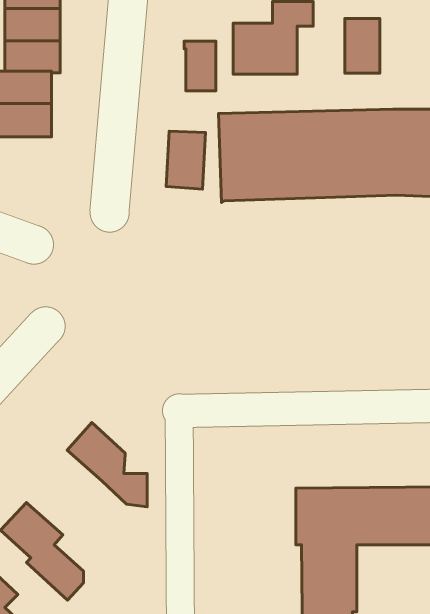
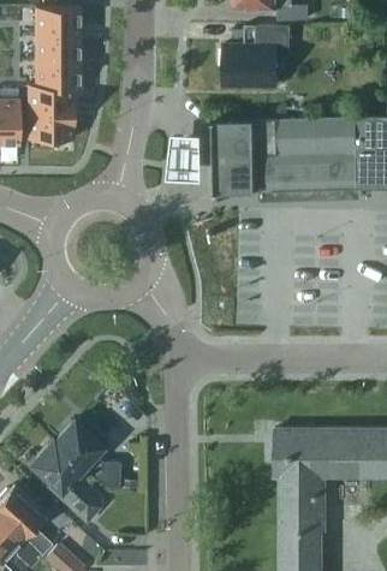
building: [345,19,380,73] -> none
building: [184,41,216,91] -> none
building: [67,422,147,507] -> [54,420,120,489]

